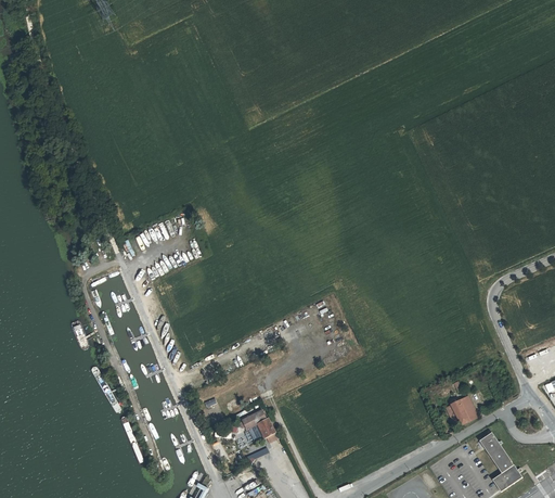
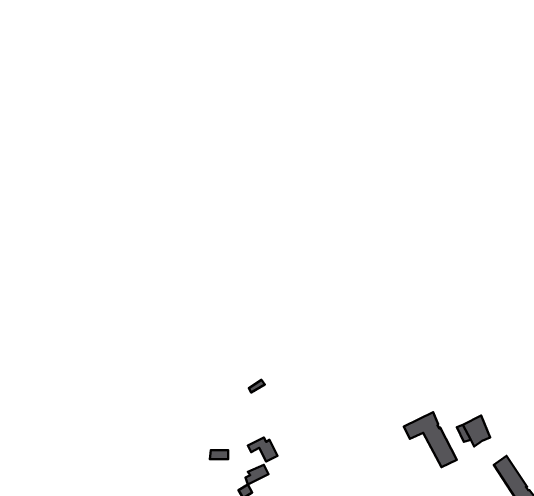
building: none -> [404,412,457,467]

